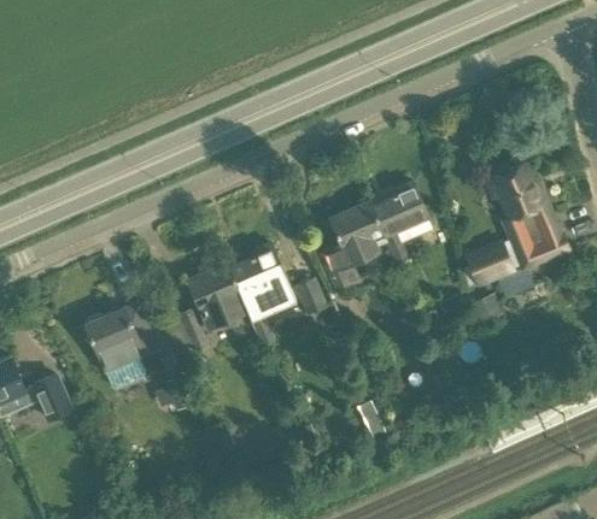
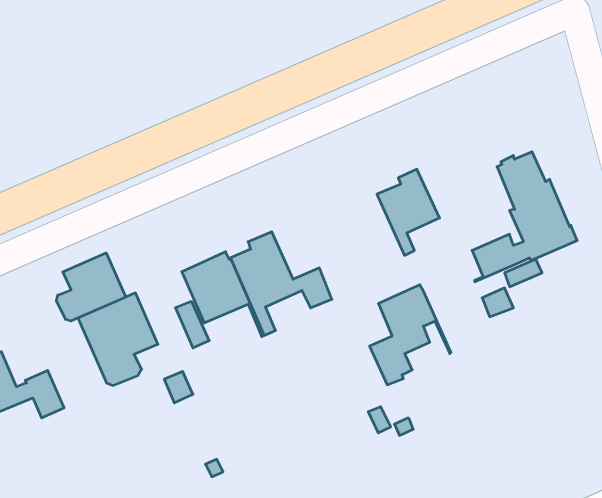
building: [321,199,399,295] -> [370,285,451,385]
building: none -> [56,253,126,321]

